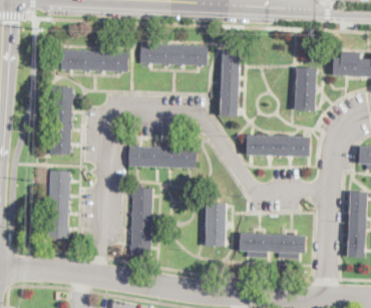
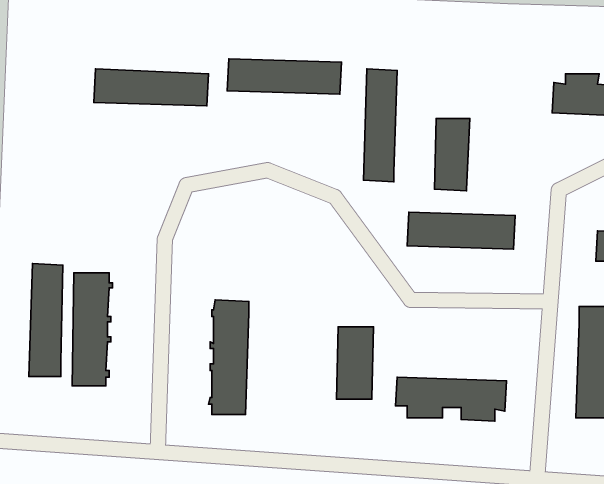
building: [295,67,316,110] -> [434,119,470,191]
building: [50,86,70,153] -> [29,264,63,376]
building: [127,145,196,168] -> none

